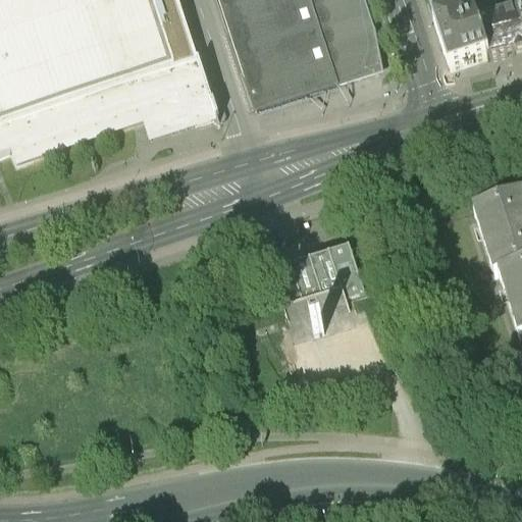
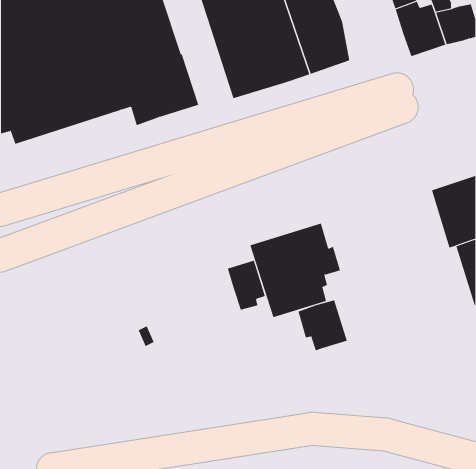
building: none -> [227,260,266,310]
building: none -> [298,299,347,351]

